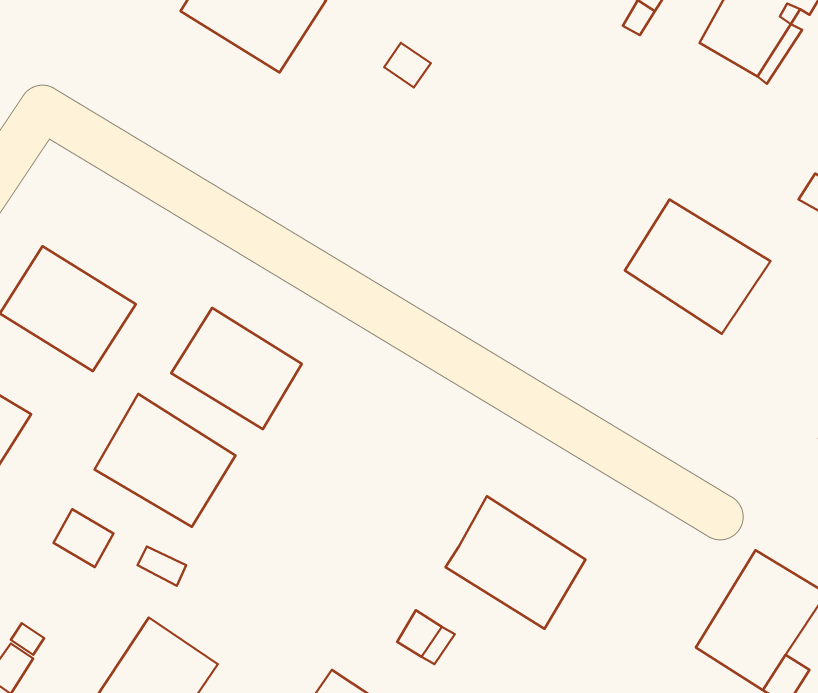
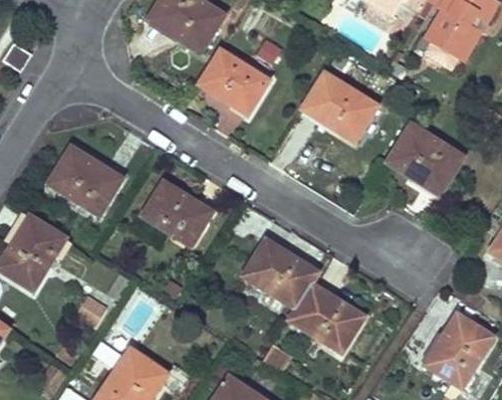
building: none -> [196,49,268,116]
building: none -> [300,71,376,140]
building: [95,394,235,527] -> none
building: none -> [242,240,318,310]

